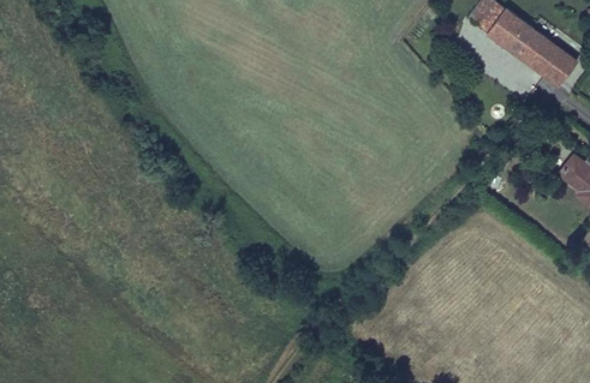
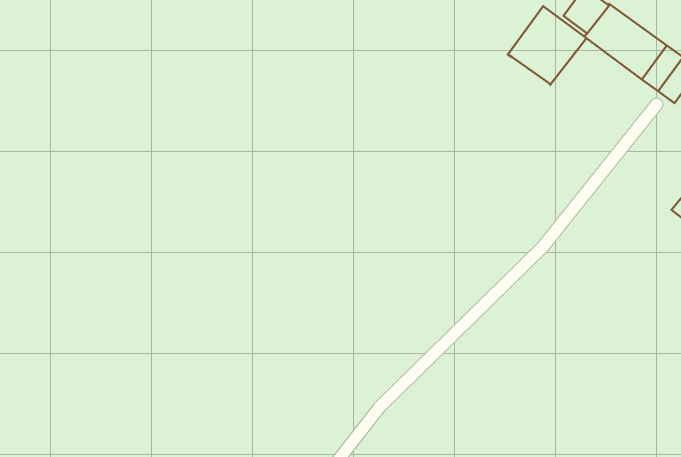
building: none -> [508,6,586,85]

